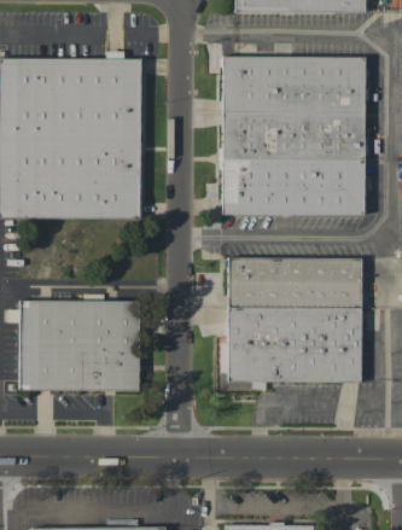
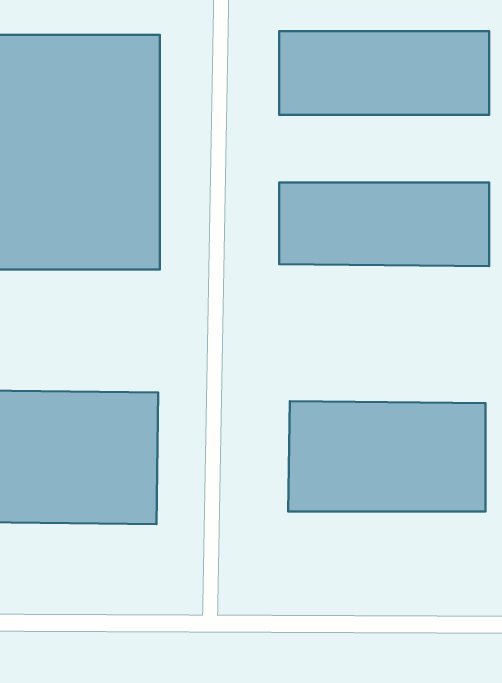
building: [221,112,363,158] -> none
building: [228,257,361,308] -> none

